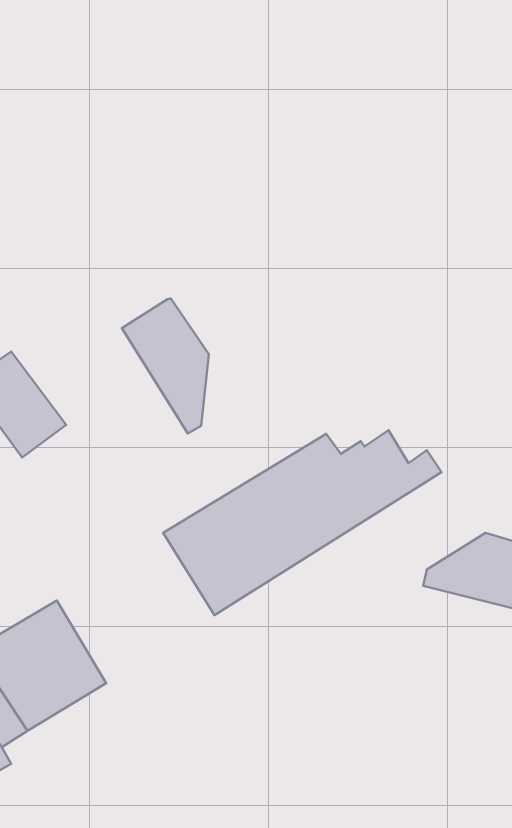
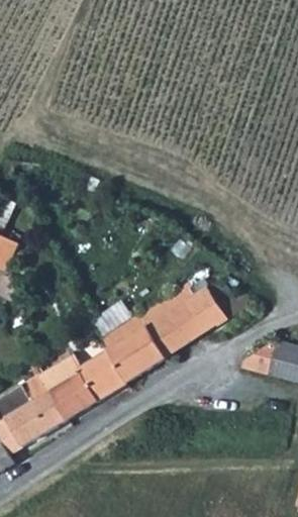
building: [122,298,209,433] -> none
building: none -> [38,351,125,421]

